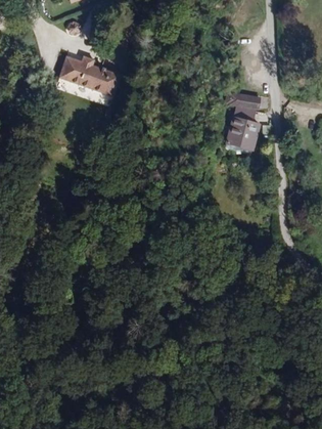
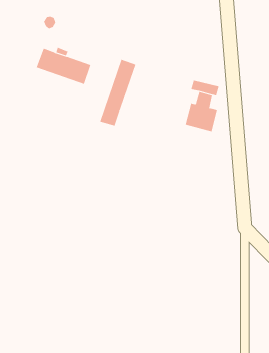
building: none -> [99,59,136,127]

